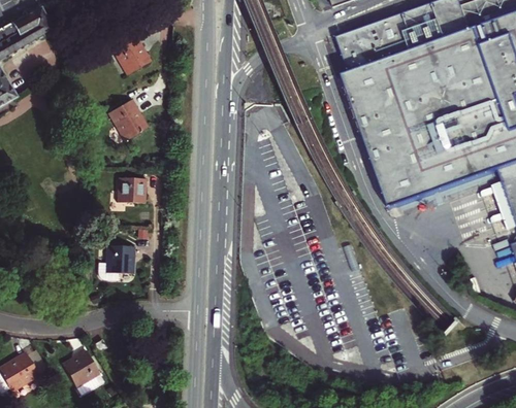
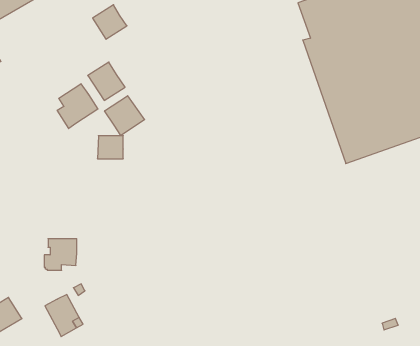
building: none -> [57,84,98,129]
building: none -> [105,96,145,135]
building: [100,244,135,278] -> [44,239,77,270]

